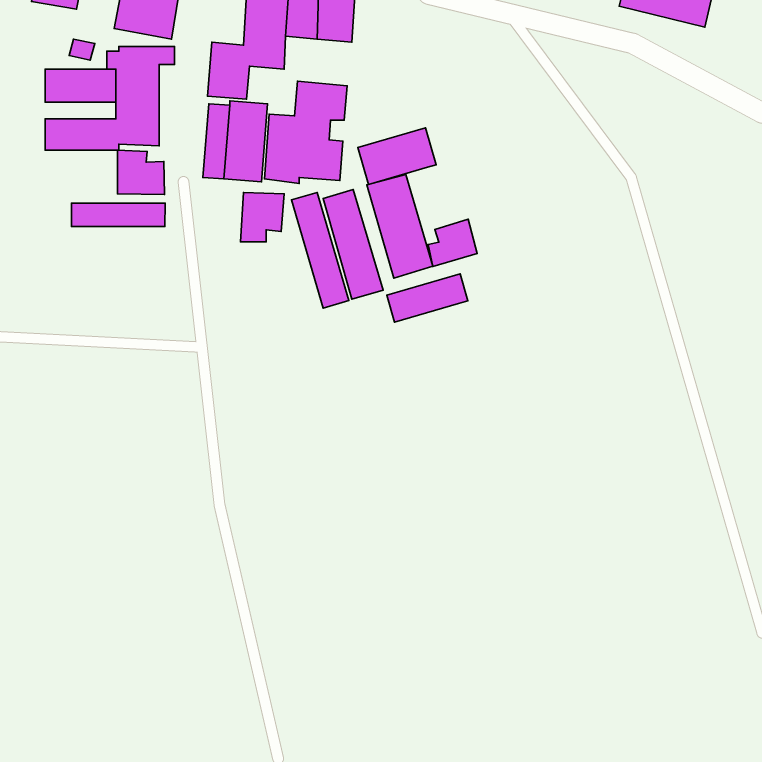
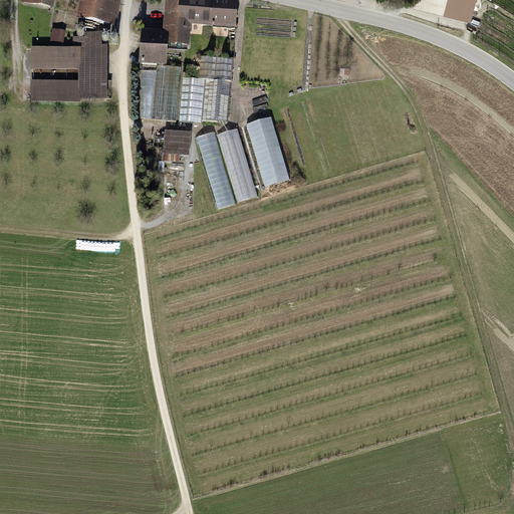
building: [358,128,436,184] -> none
building: [117,150,165,195] -> none
building: [72,203,165,227] -> none
building: [428,219,477,266] -> none
building: [387,274,468,322] -> none

